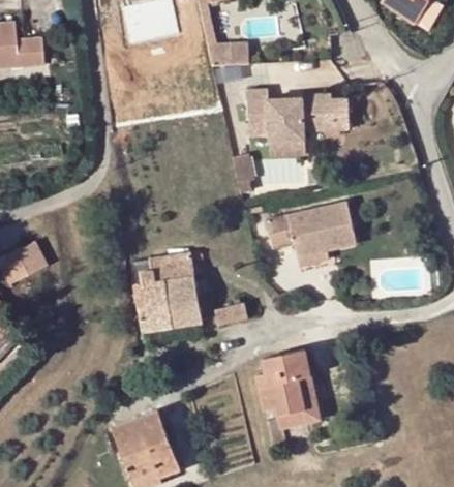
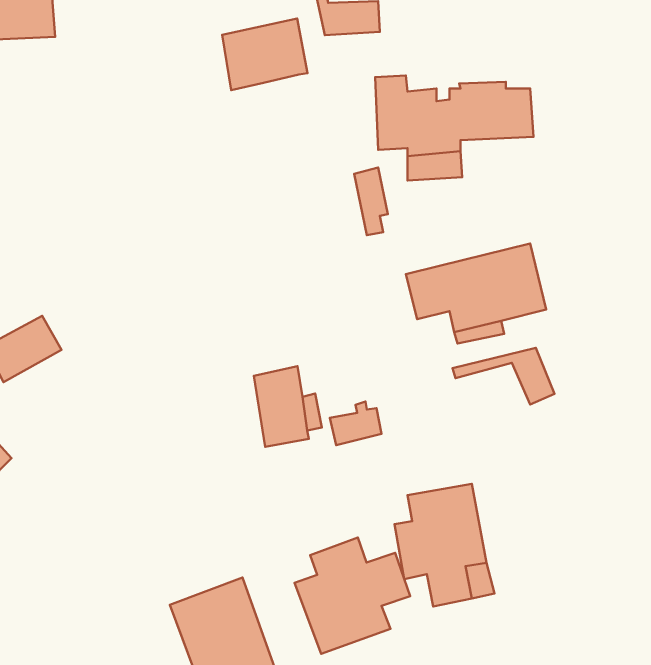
building: none -> [222,19,308,90]
building: [134,254,195,333] -> none
building: none -> [452,348,555,404]
building: none -> [295,537,410,654]

